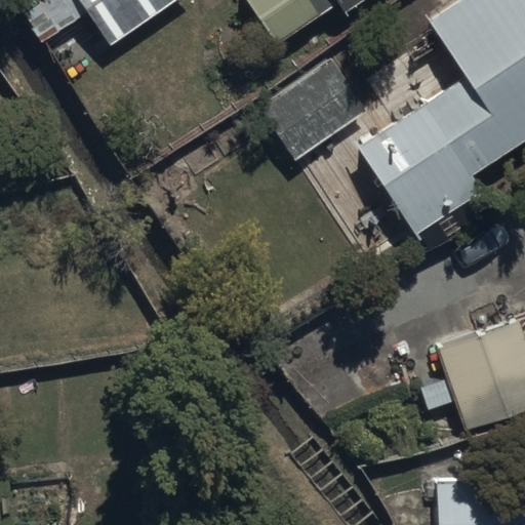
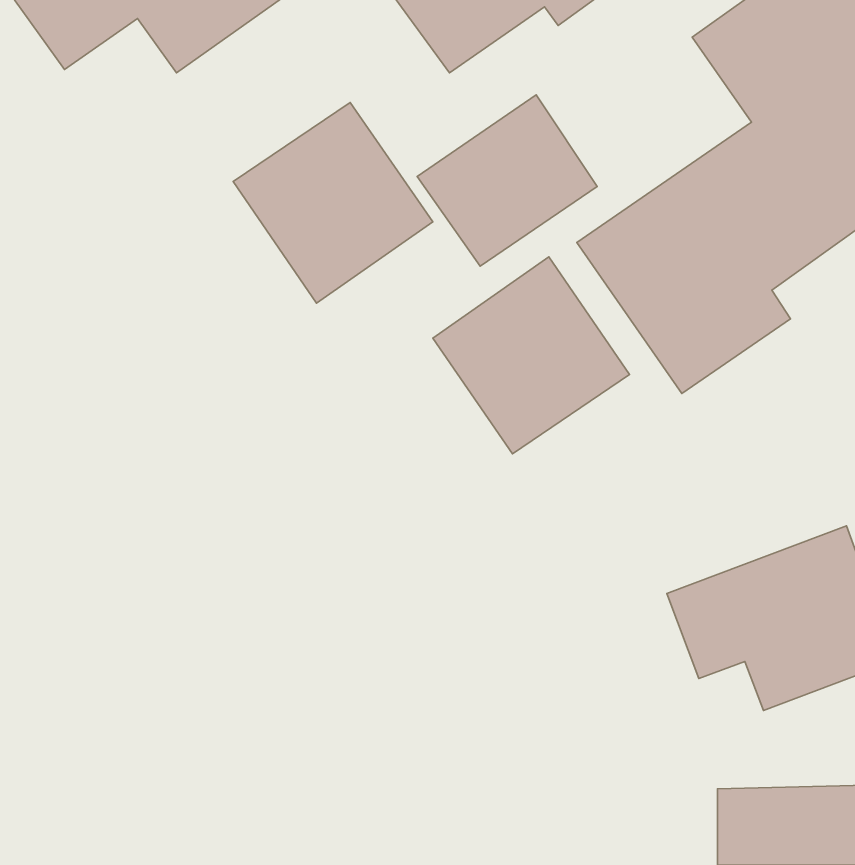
building: none -> [233,102,433,303]
building: none -> [433,257,630,454]

